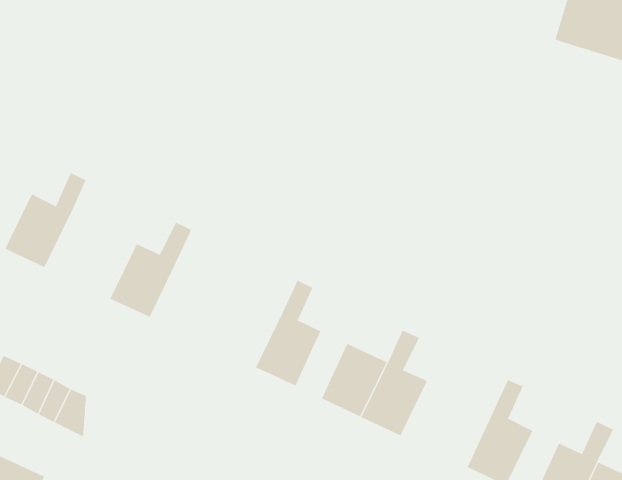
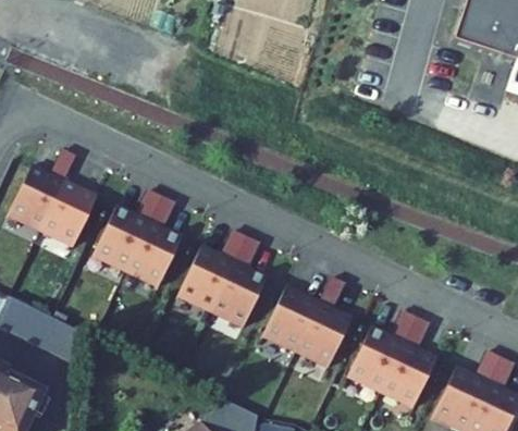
building: none -> [40,184,94,244]
building: none -> [125,198,180,285]
building: none -> [177,233,244,309]
building: none -> [348,312,414,390]

